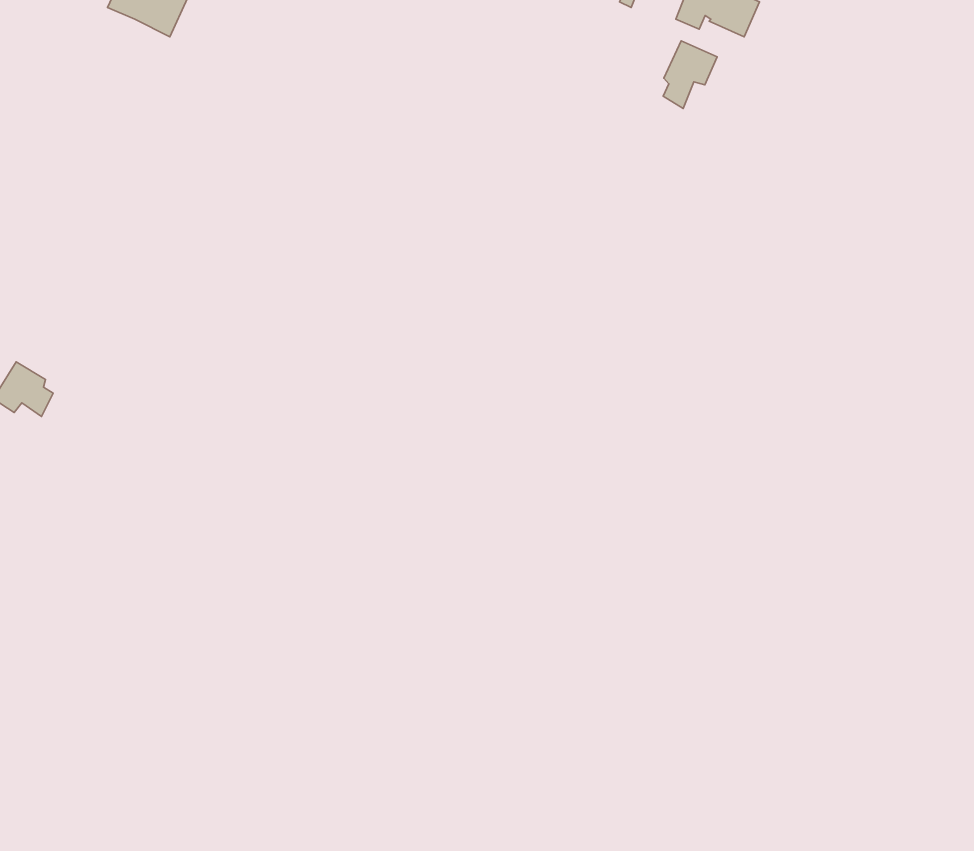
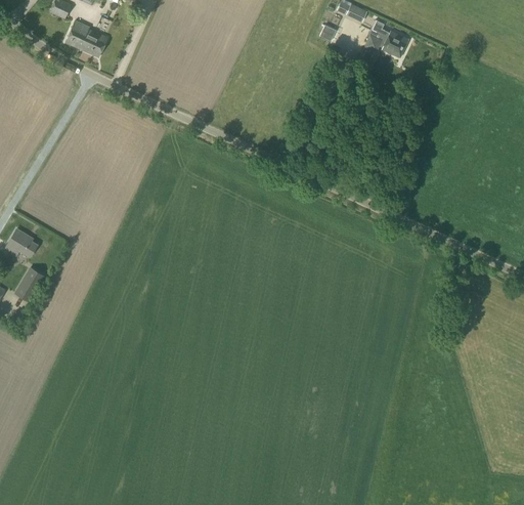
building: [663,41,717,109] -> none
building: none -> [13,266,44,301]

